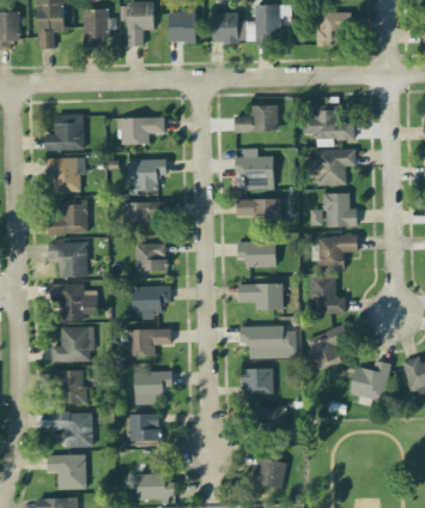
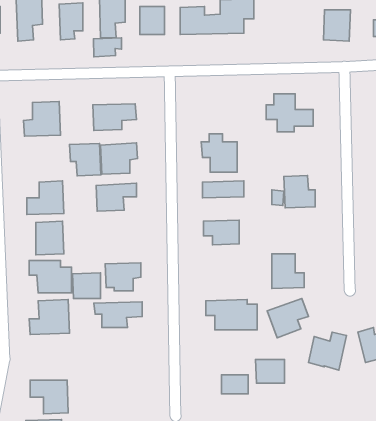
building: [318,12,347,46] -> [324,10,350,41]
building: none -> [94,38,122,57]
building: [235,104,278,133] -> none
building: [305,150,356,186] -> none
building: [45,157,79,192] -> [69,143,101,176]
building: [317,236,357,270] -> none
building: [135,243,165,271] -> [72,273,100,299]
building: [238,283,283,310] -> none
building: [242,369,273,394] -> [255,360,285,383]
building: [54,370,85,404] -> none
building: [134,371,171,405] -> none
building: [128,413,159,441] -> none

